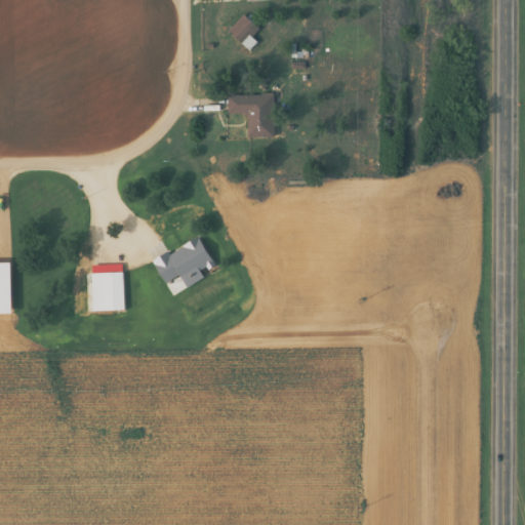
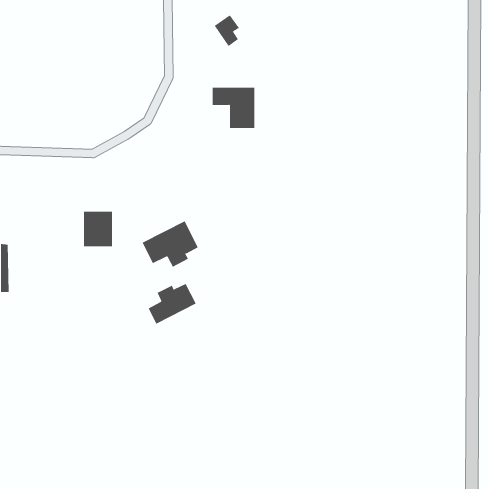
building: [91,272,123,310] -> [83,211,113,247]
building: none -> [148,283,197,325]

